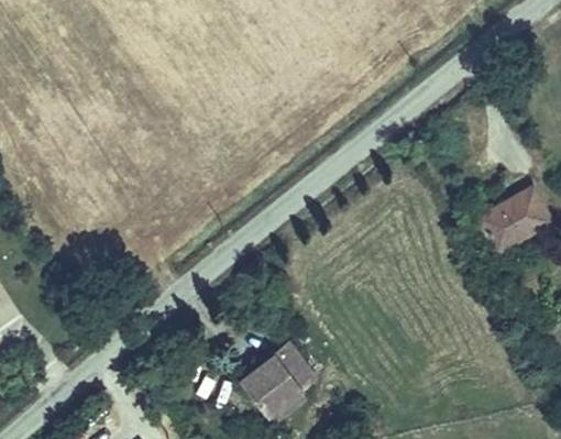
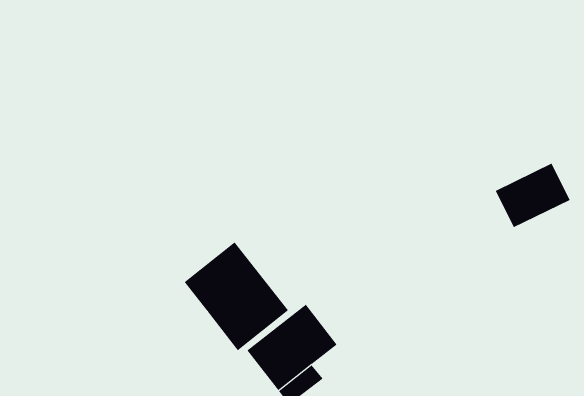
building: none -> [184,241,289,351]

